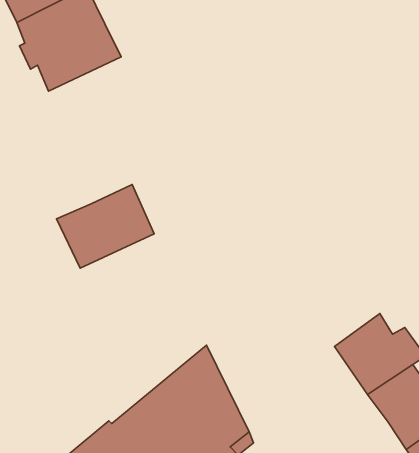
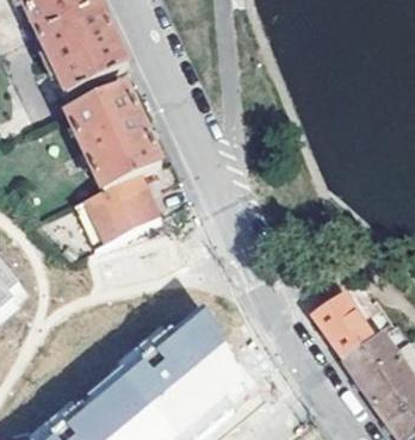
building: none -> [64,85,160,191]

